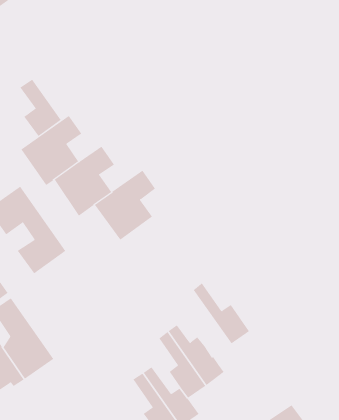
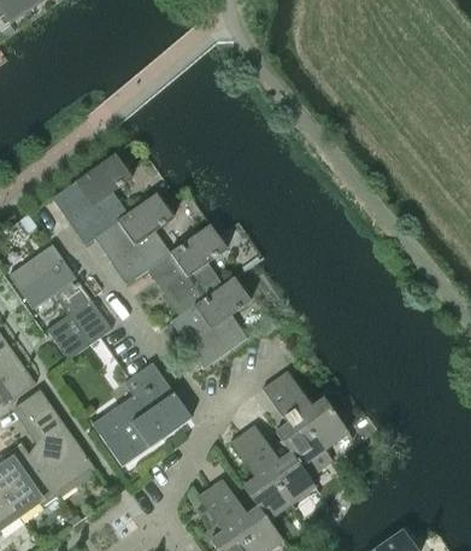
building: [20,79,61,137] -> none
building: none -> [170,277,251,368]
building: none -> [92,362,192,467]
building: none -> [263,380,331,476]

